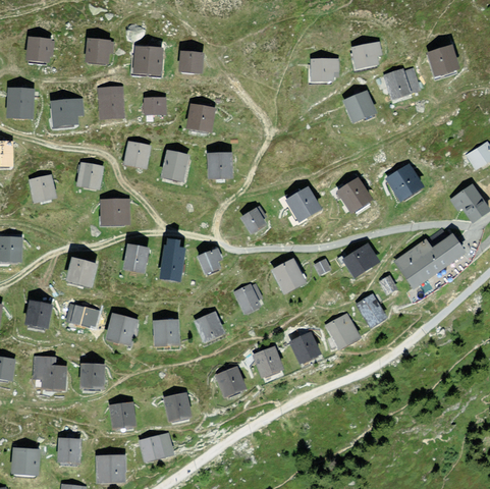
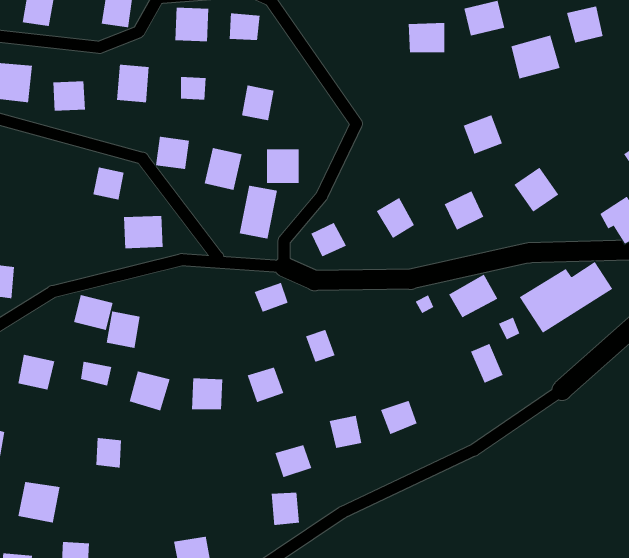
building: [345,91,375,120] -> [463,114,503,155]
building: [30,176,56,201] -> none
building: [159,239,187,279] -> [239,185,278,239]
building: [123,246,149,273] -> [106,311,141,348]
building: [270,258,303,290] -> none
building: [325,316,357,345] -> none
building: [38,358,69,388] -> [17,481,60,523]
building: [163,394,184,419] -> [271,492,300,525]
building: [112,405,132,428] -> none

